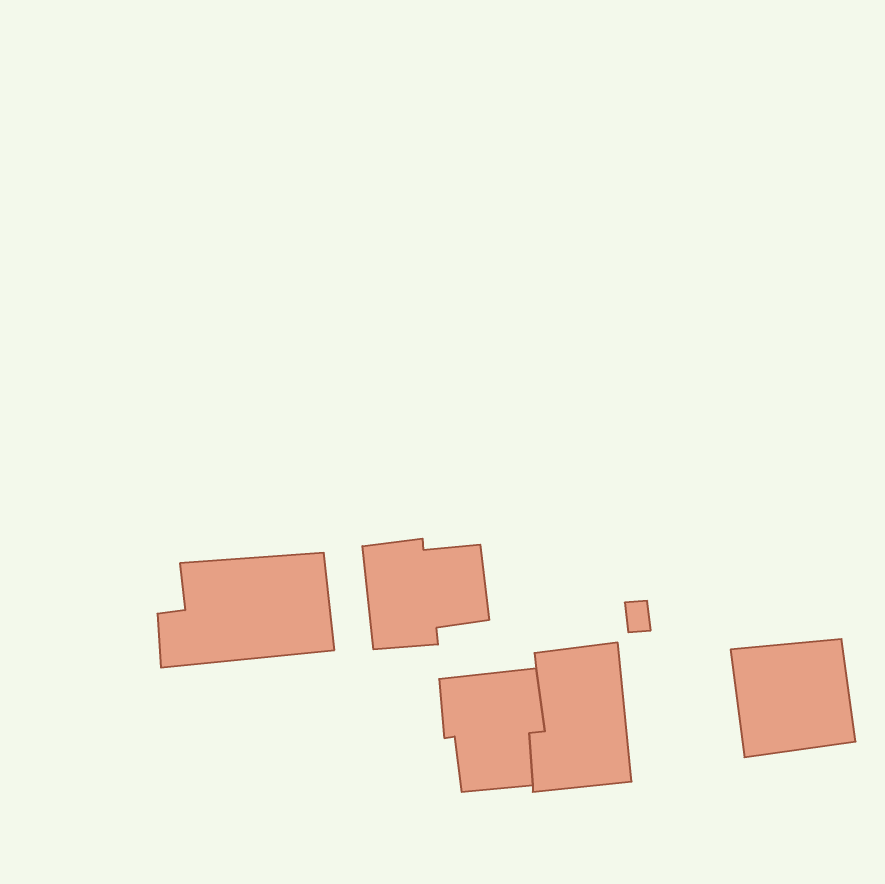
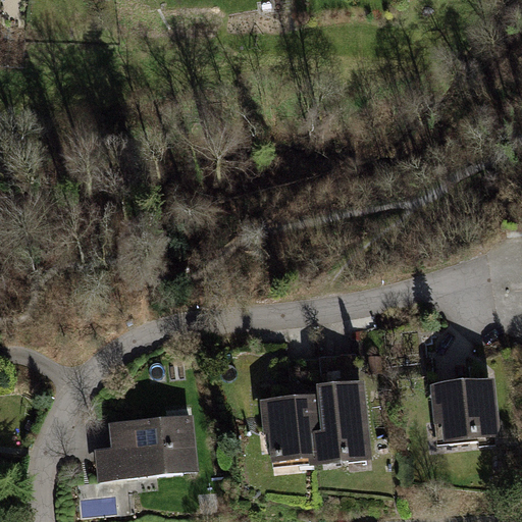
building: [362,539,489,649] -> none
building: [157,553,334,668] -> [93,414,197,481]

